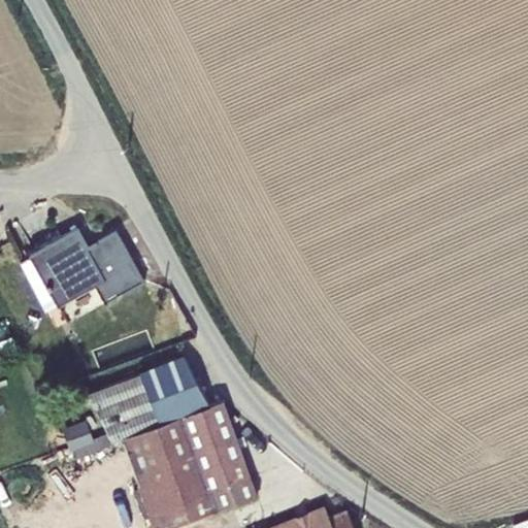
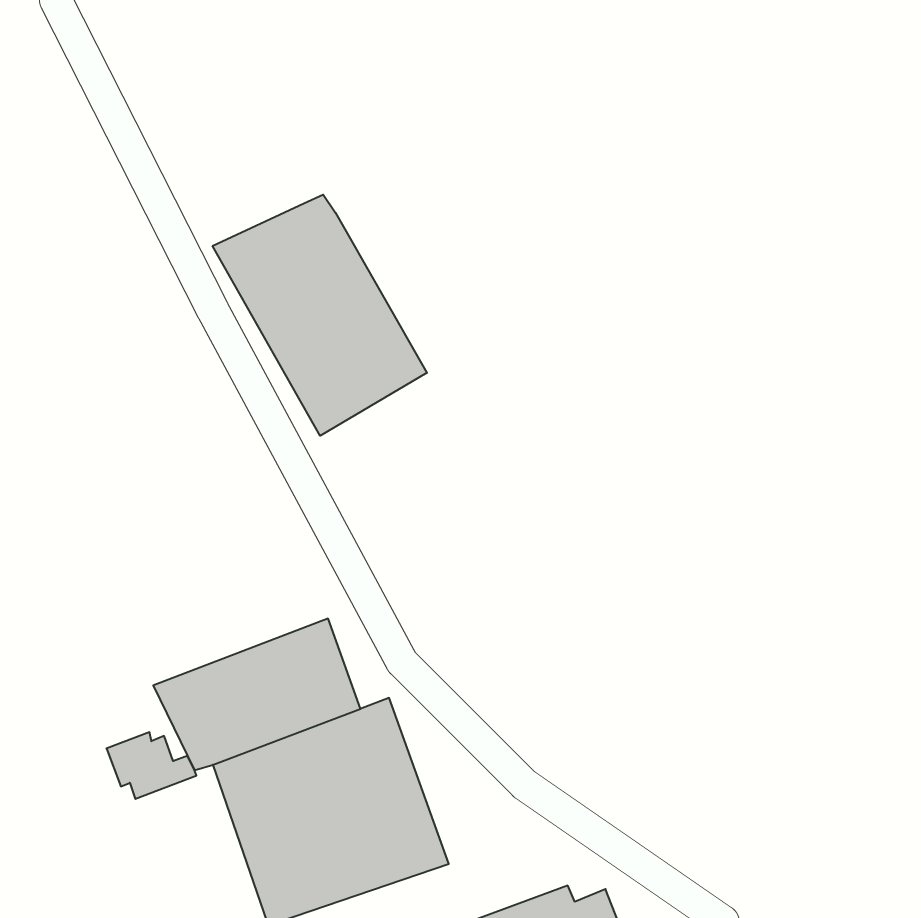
building: none -> [213,195,427,436]
building: [23,230,142,308] -> none

